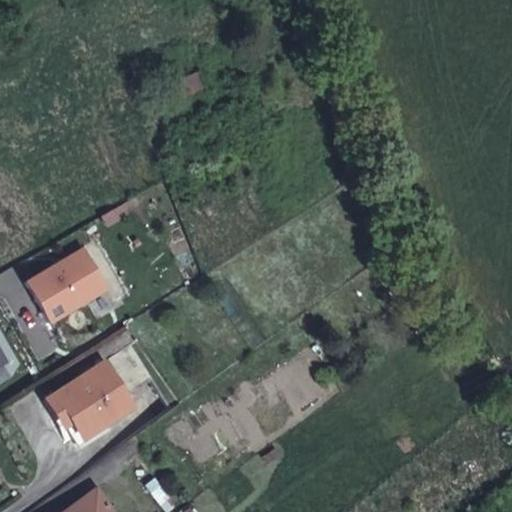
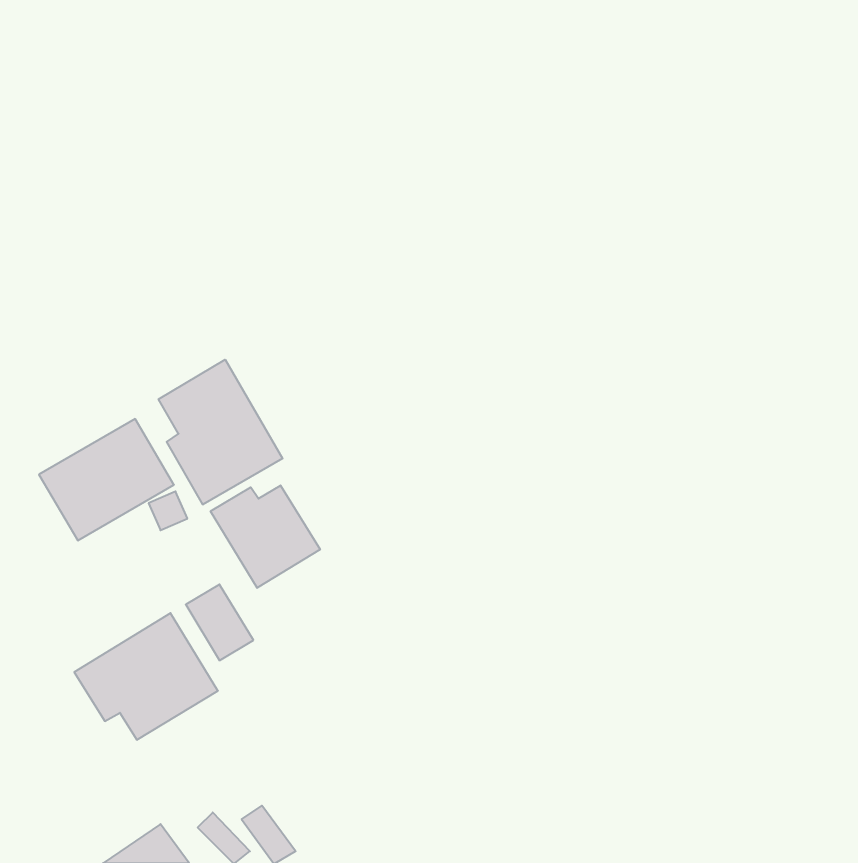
building: none -> [159,360,283,505]
building: none -> [211,485,320,588]

